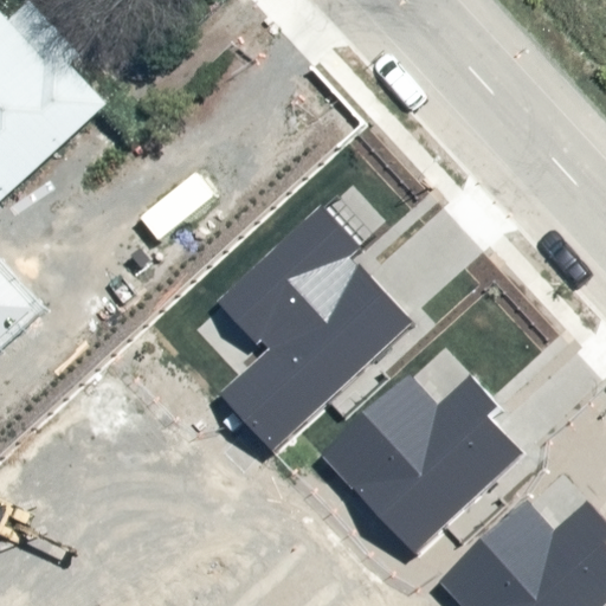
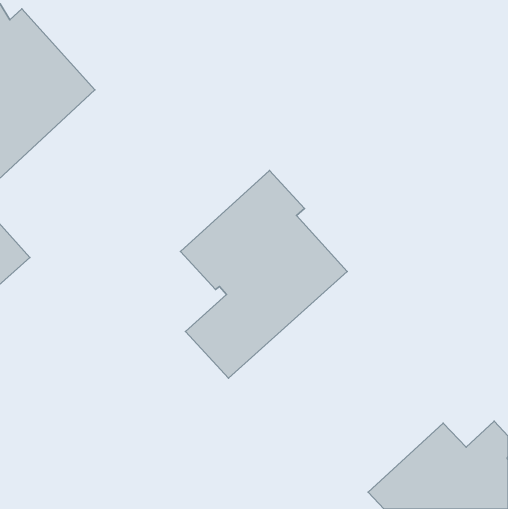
building: [318,374,520,554] -> none

